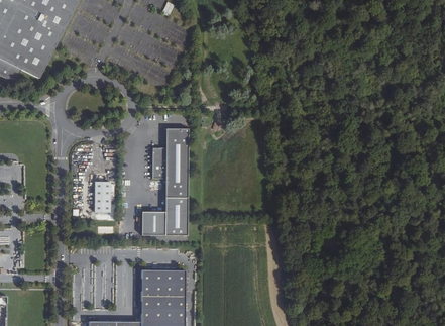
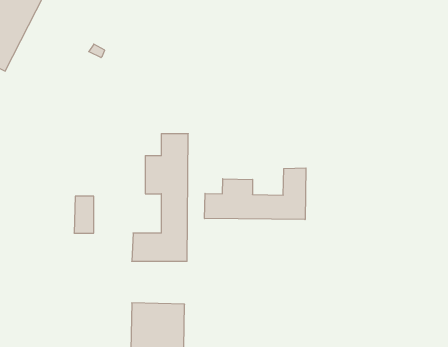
building: none -> [205,168,306,220]

